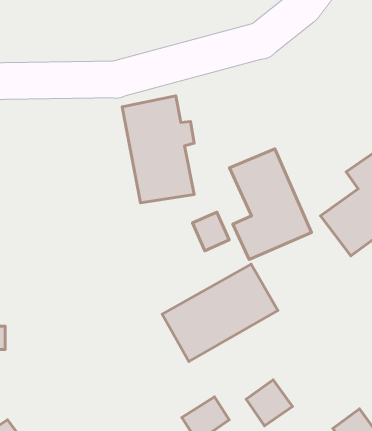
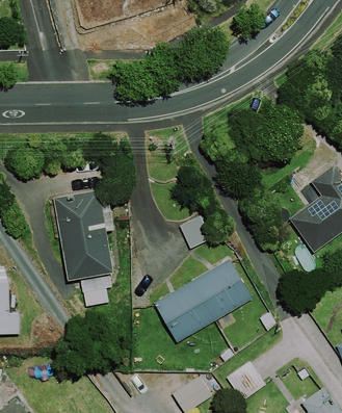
building: [122,96,194,203] -> [53,188,114,280]
building: [230,149,312,259] -> none

